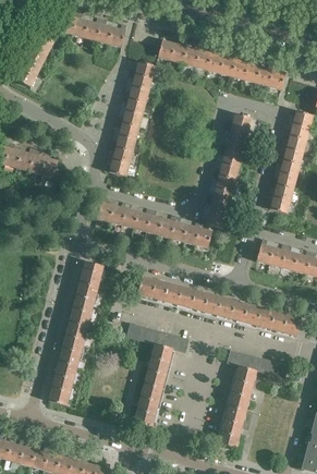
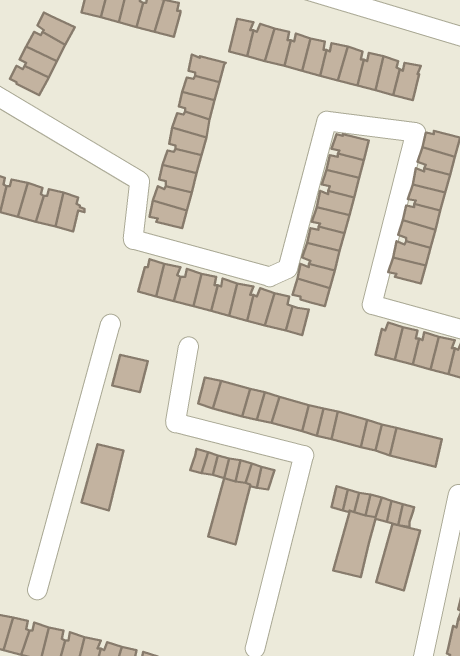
building: [70,282,98,326] -> none
building: [48,361,77,406] -> none
building: [133,384,162,428] -> none
building: [217,406,246,451] -> [376,524,420,590]

